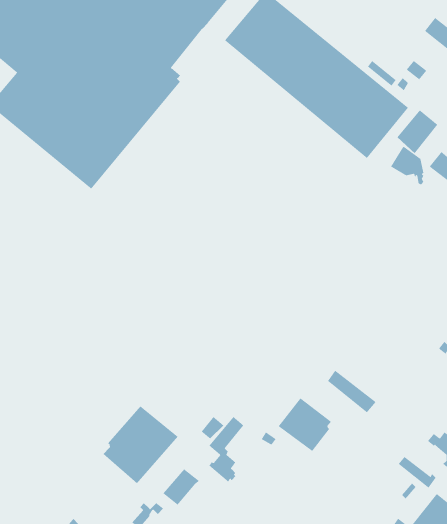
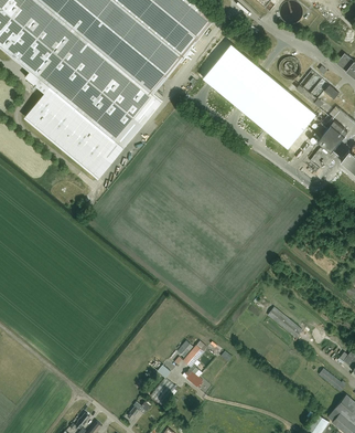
building: [278,397,332,452] -> none
building: [103,405,179,484] -> none

